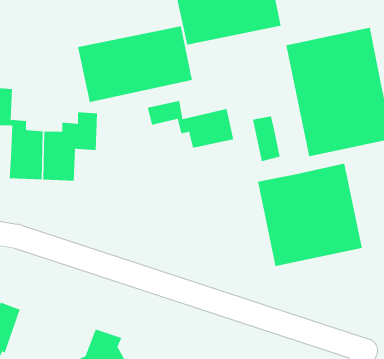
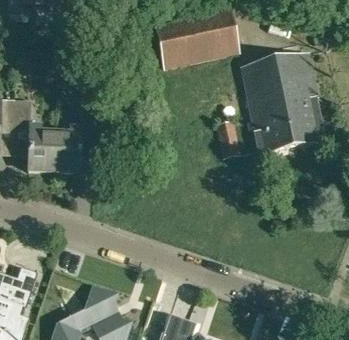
building: [78,26,192,103] -> none
building: [147,100,234,148] -> none
building: [257,163,362,267] -> none

